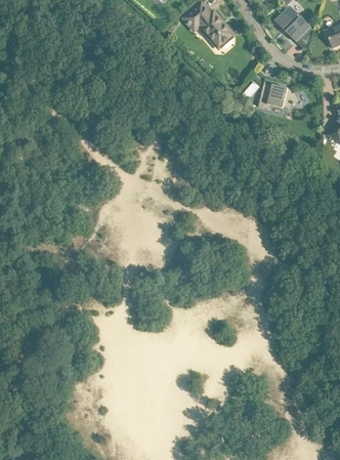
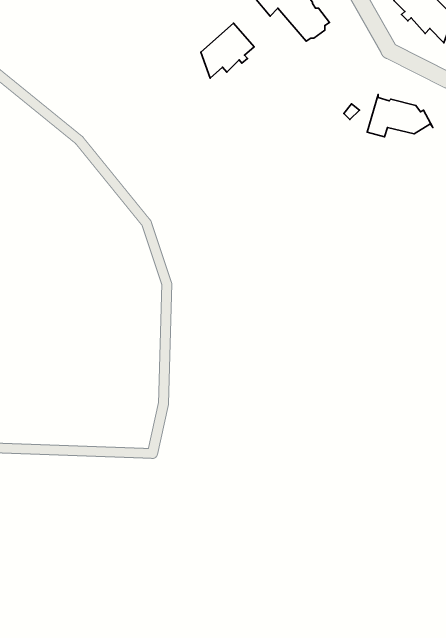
building: none -> [201,23,254,78]

